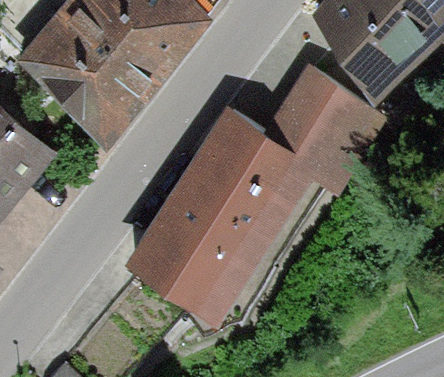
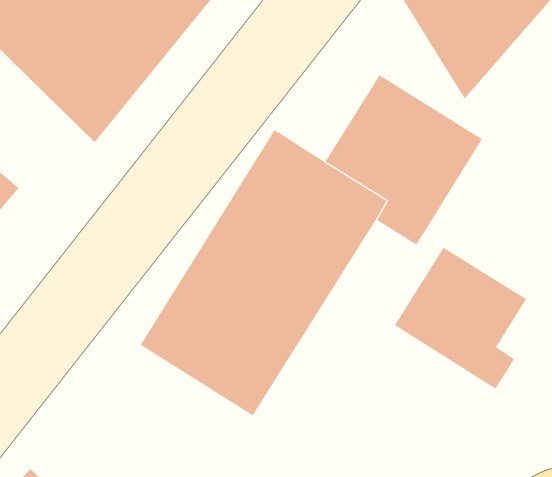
building: none -> [394,247,527,389]

